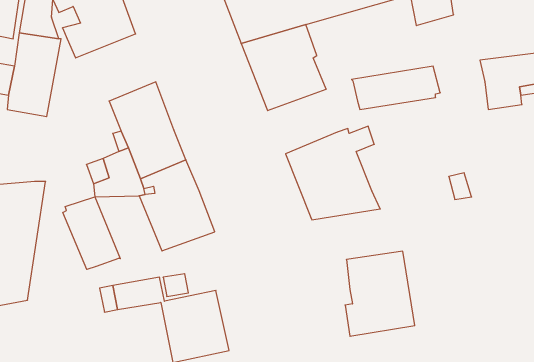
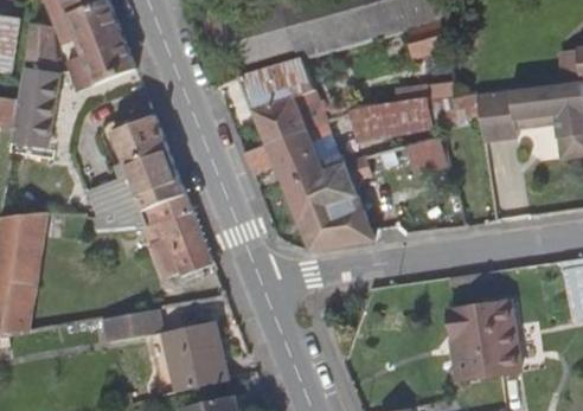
building: none -> [429,94,480,126]
building: none -> [243,120,334,186]
building: none -> [405,137,448,175]
building: [63,197,120,269] -> none
building: [345,251,415,336] -> [451,298,520,383]

